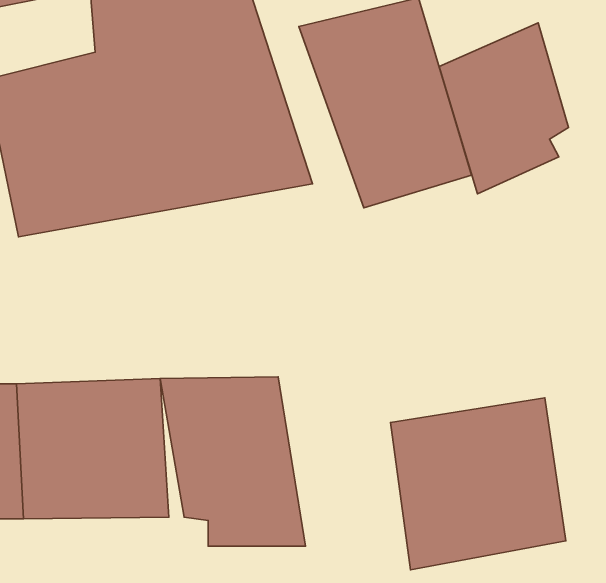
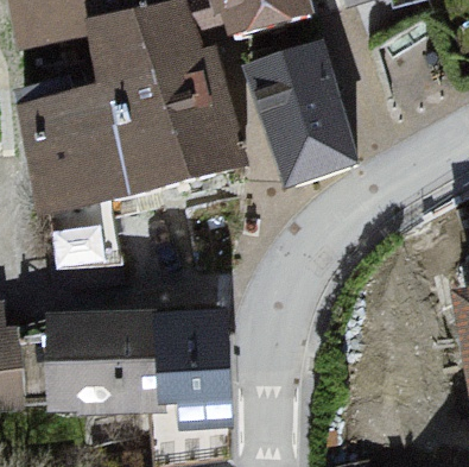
building: [439,23,568,194] -> none
building: [391,398,566,570] -> none

